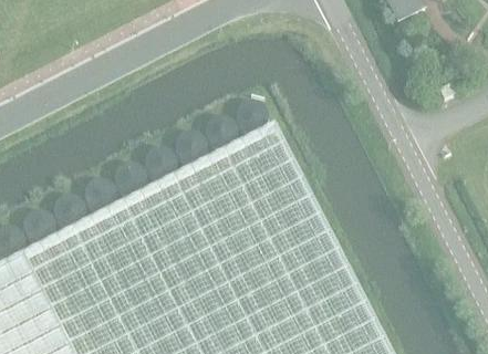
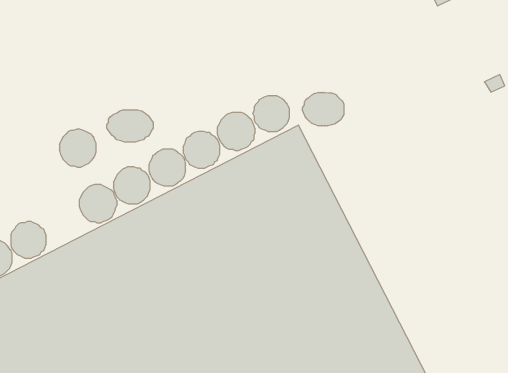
building: none -> [303,92,344,126]
building: none -> [107,110,153,142]
building: [53,199,85,232] -> [59,129,96,167]

